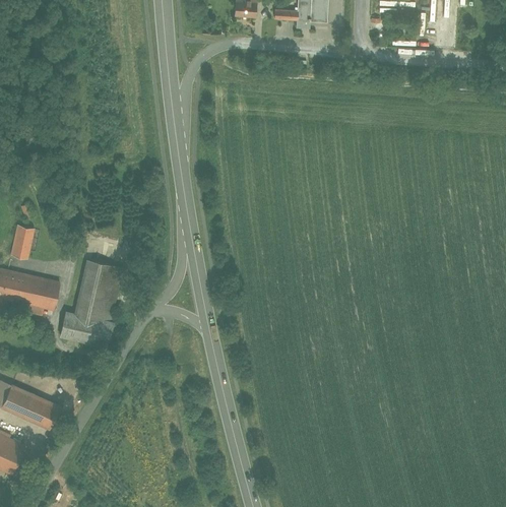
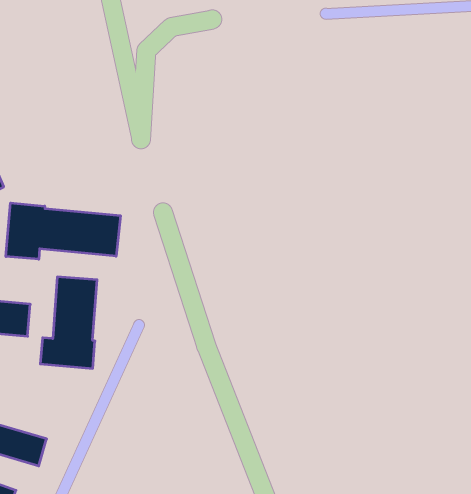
building: none -> [6,203,120,259]

